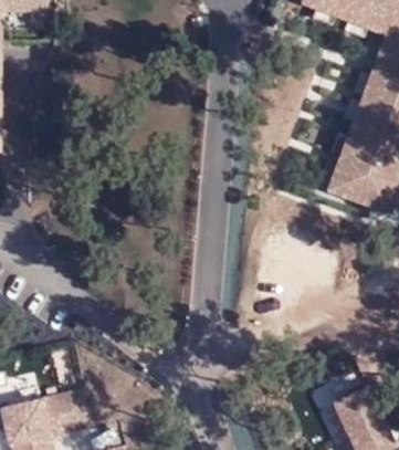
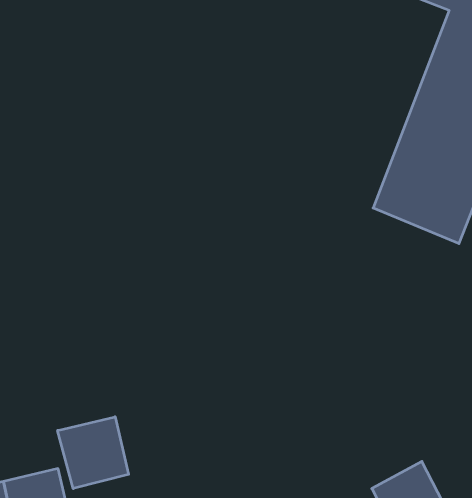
building: none -> [58,417,129,489]

